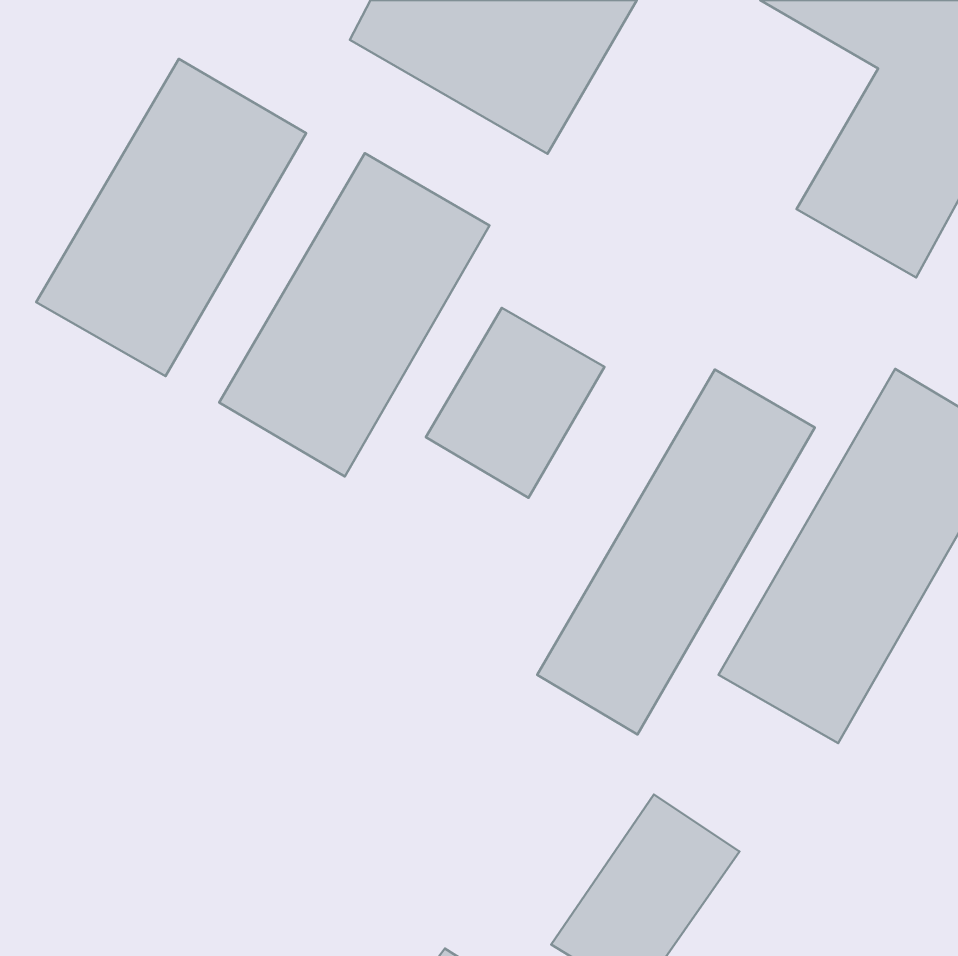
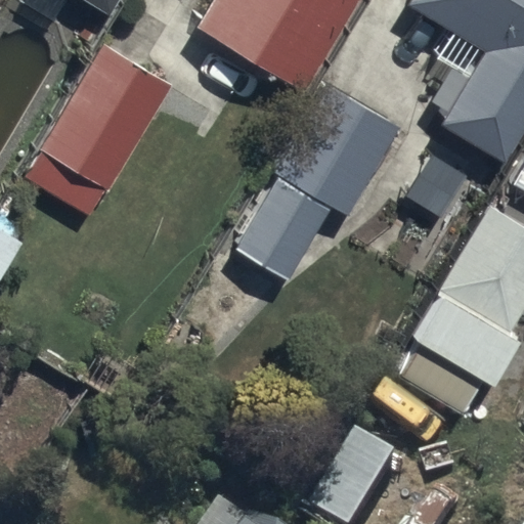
building: none -> [277,82,402,216]
building: [219,153,489,477] -> none
building: [537,369,815,734] -> none

